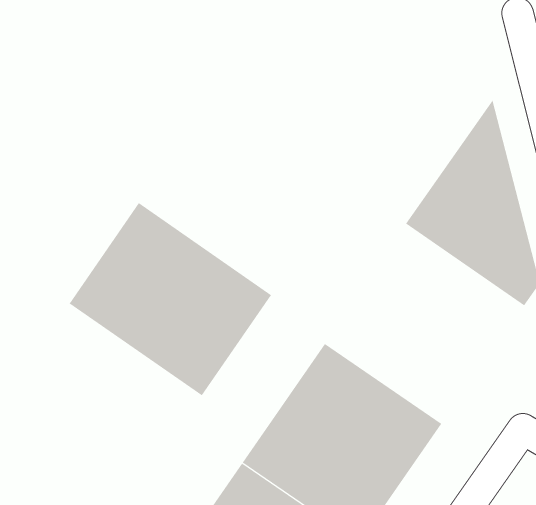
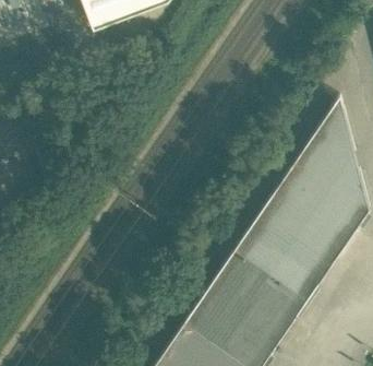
building: [69,202,272,396] -> none
building: none -> [236,174,360,298]

